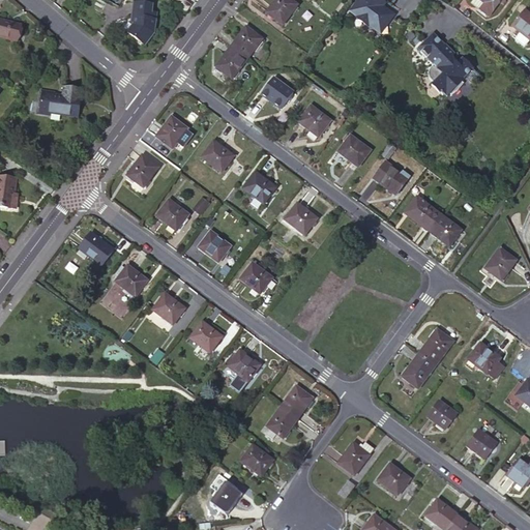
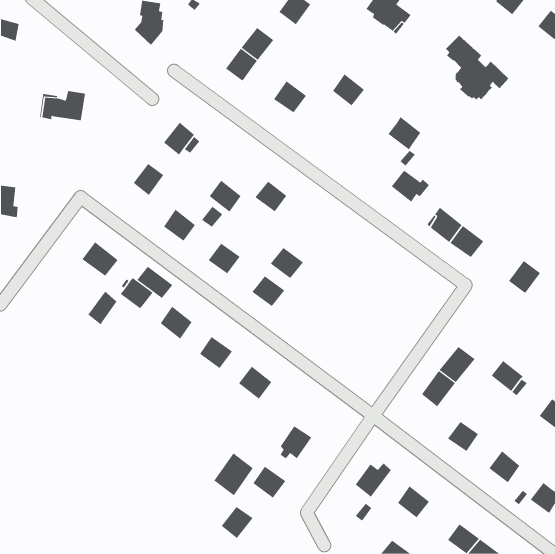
building: [299,105,330,136] -> [332,73,365,106]
building: [337,135,370,167] -> [387,116,421,150]
building: [202,140,233,171] -> [209,180,242,212]
building: [285,203,317,233] -> [270,247,304,279]
building: none -> [136,266,173,299]
building: none -> [88,291,117,325]
building: [281,384,313,416] -> none
building: none -> [214,452,254,496]

